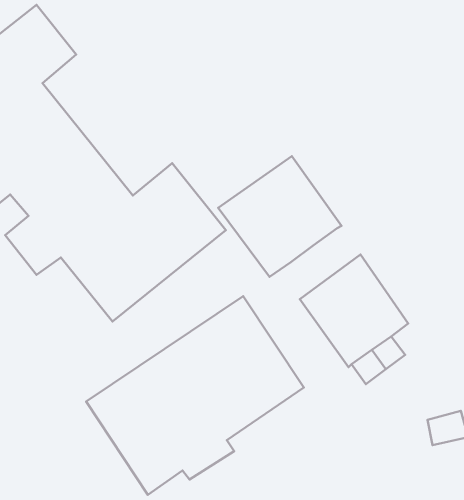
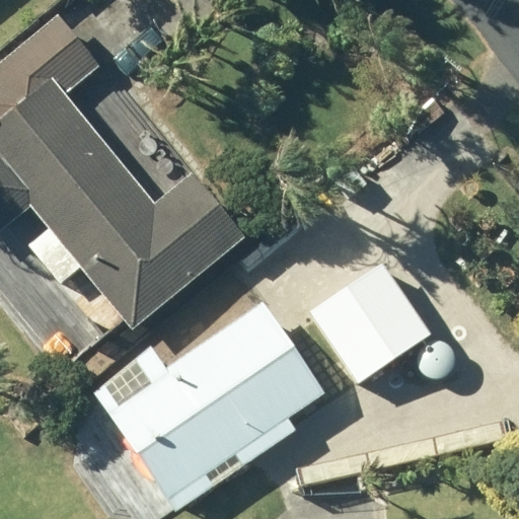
building: [218,156,342,277] -> none

